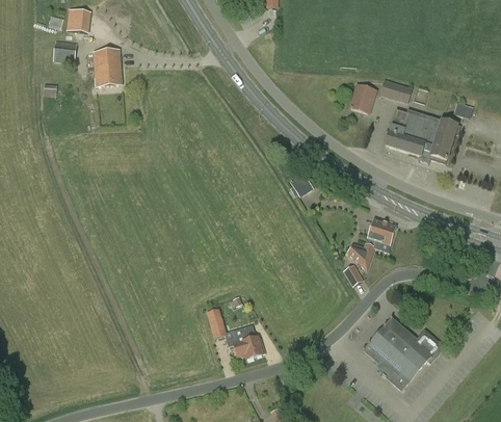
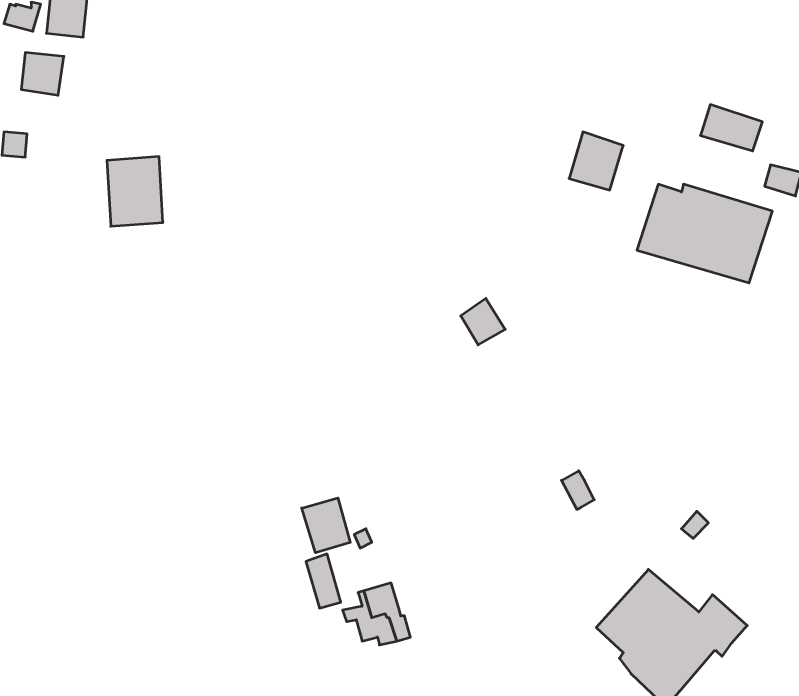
building: [93,48,123,85] -> [107,157,163,226]
building: [379,78,413,103] -> [700,105,762,151]
building: [347,219,396,269] -> none
building: none -> [302,498,350,553]

